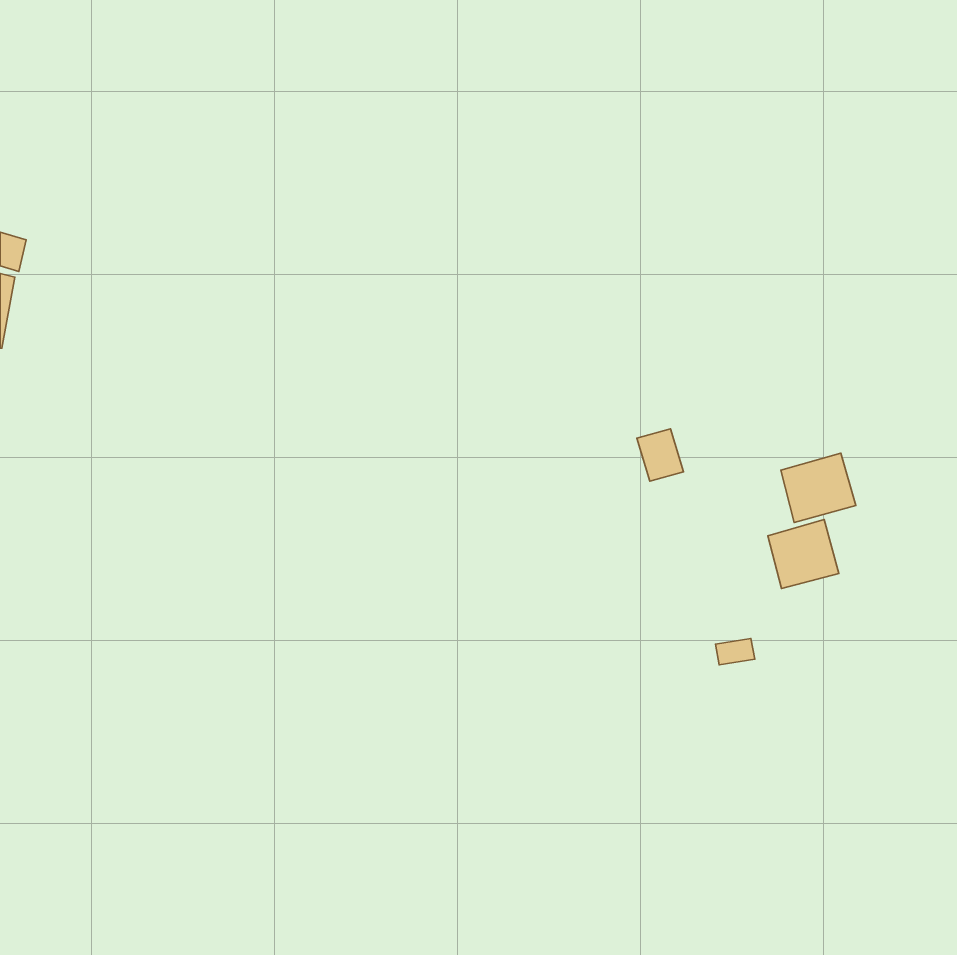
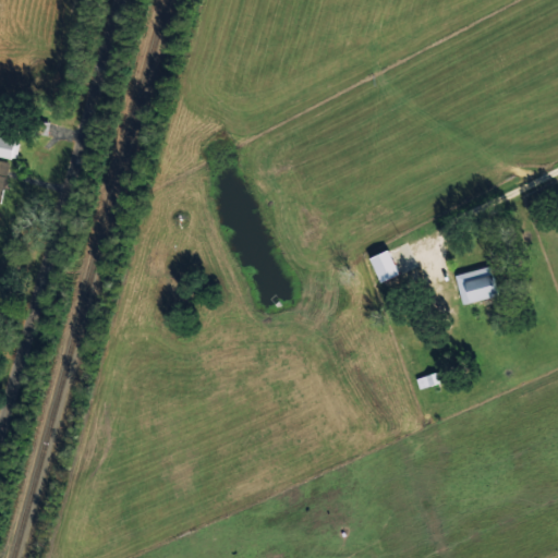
building: [768,519,839,589] -> none

